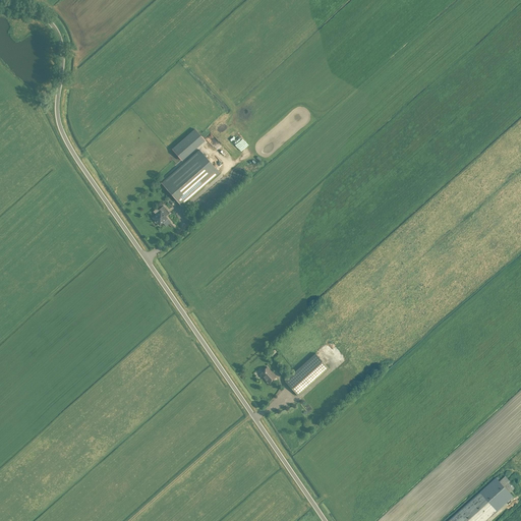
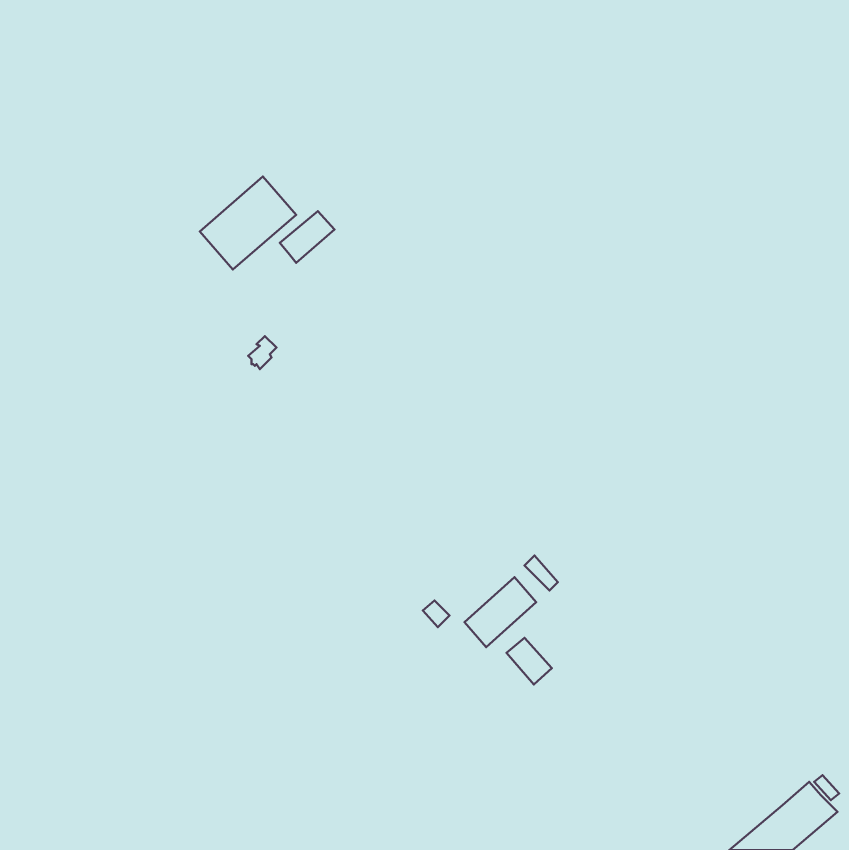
building: [160,150,219,207] -> [200,177,296,270]
building: none -> [507,638,552,685]

